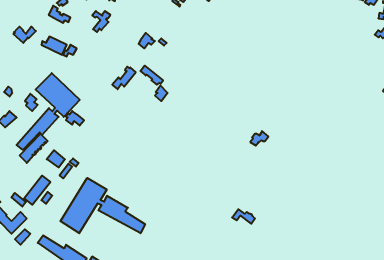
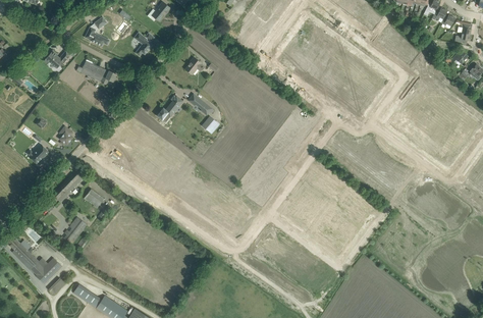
building: [17,73,80,150] -> none
building: [60,178,145,233] -> none

